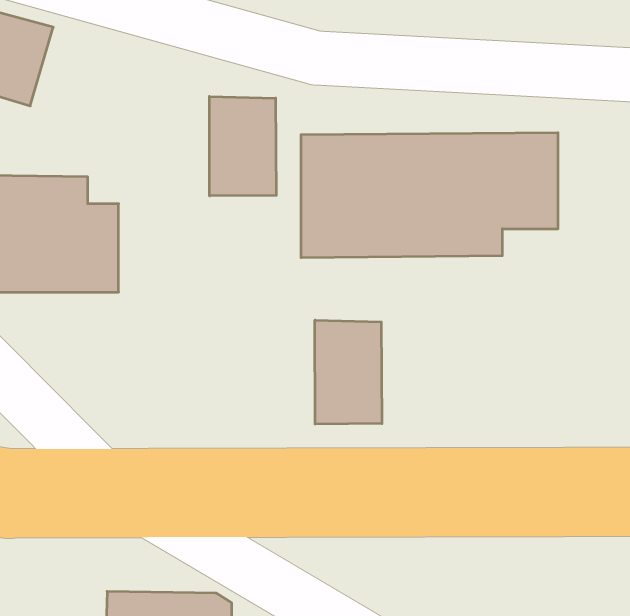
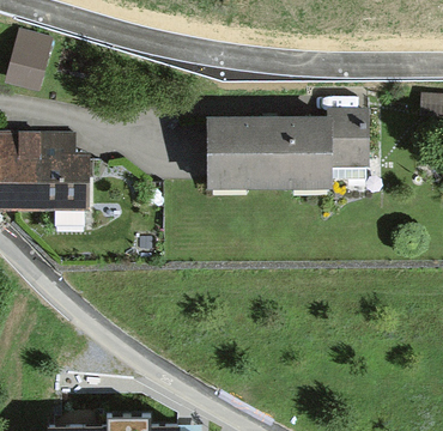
building: [209,96,276,196] -> none
building: [315,320,382,424] -> none

